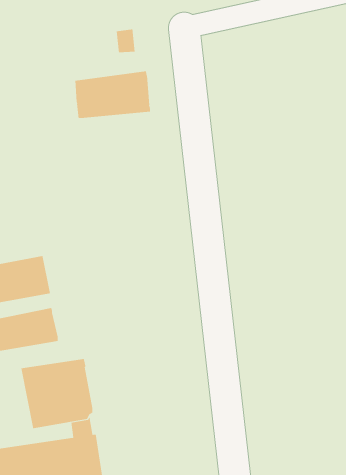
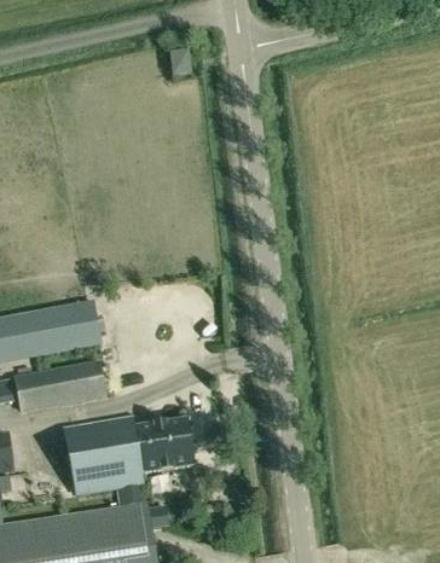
building: [75,70,150,119] -> none
building: none -> [135,419,192,472]

